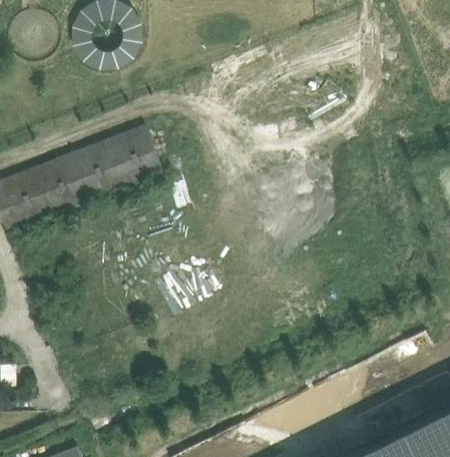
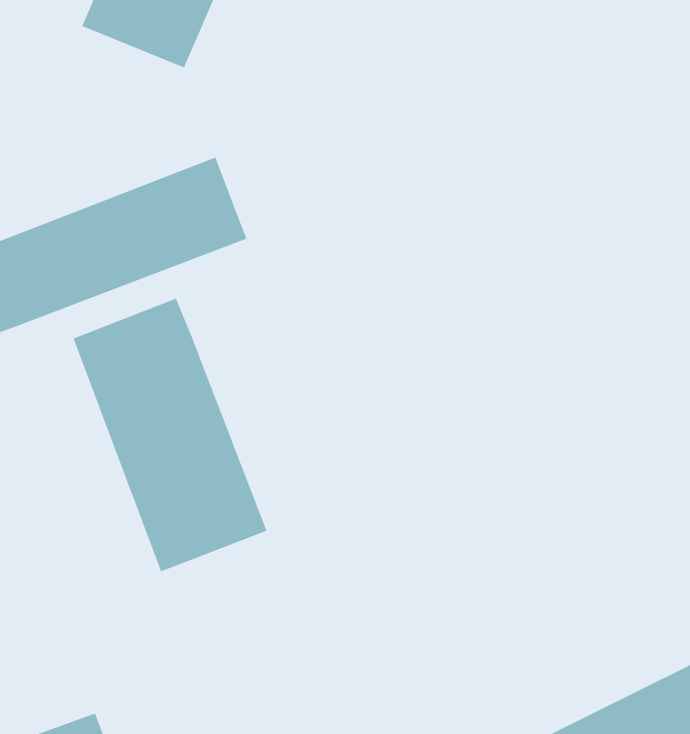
building: none -> [73,298,267,572]

